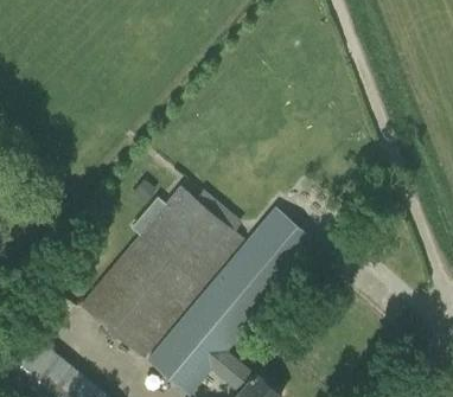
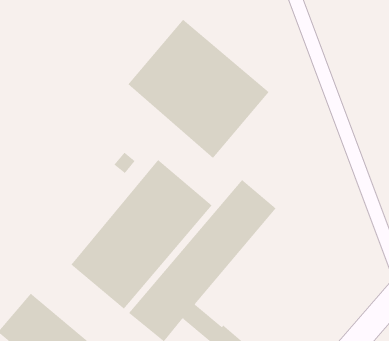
building: none -> [128,19,270,159]

